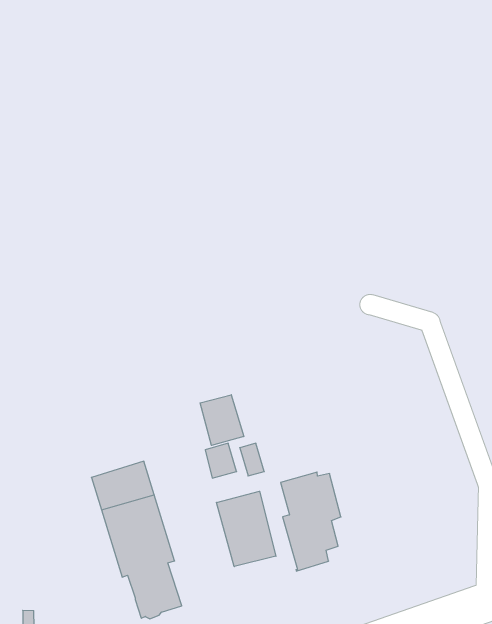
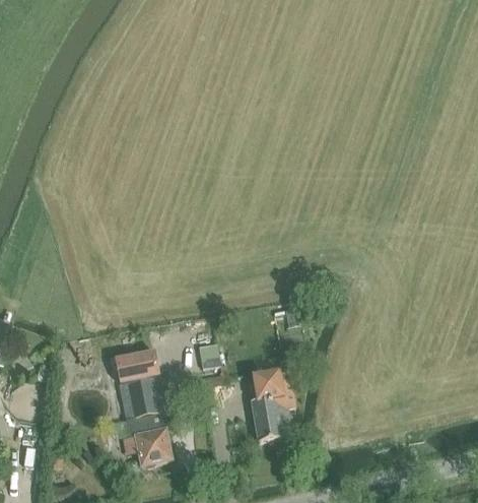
building: [200,395,244,445] -> none
building: [216,491,276,567] -> none

